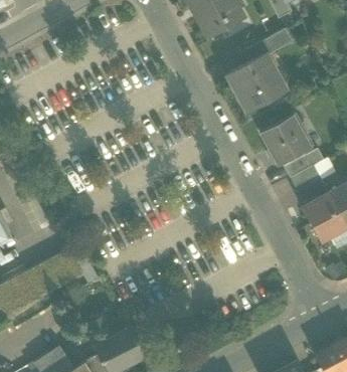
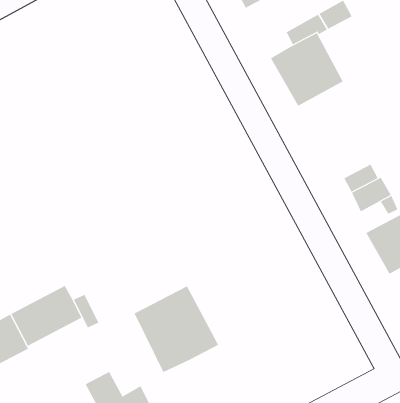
building: [262,117,309,166] -> none
building: none -> [134,286,219,373]

